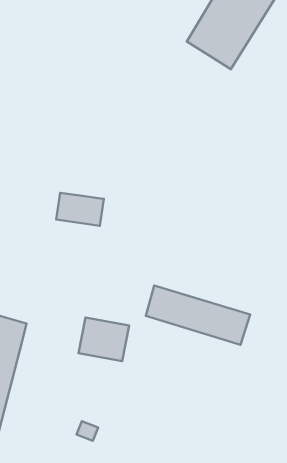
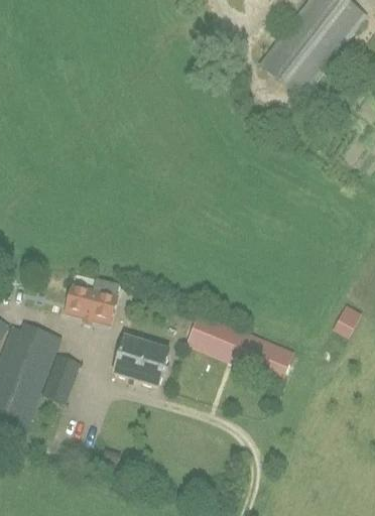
building: [56,193,104,226] -> [66,284,117,322]
building: none -> [41,353,80,401]

